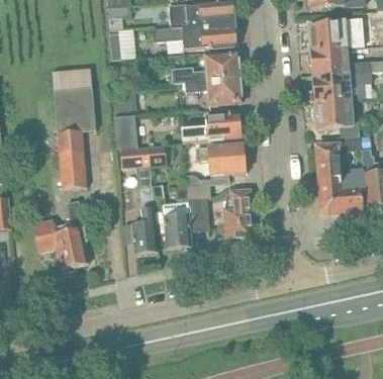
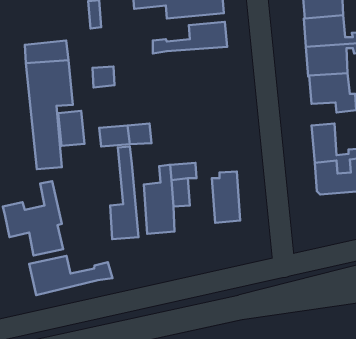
building: [184,76,242,104] -> none
building: [185,112,242,143] -> none
building: [114,114,138,147] -> [58,111,84,146]
building: [195,144,245,175] -> none
building: none -> [29,256,113,295]

